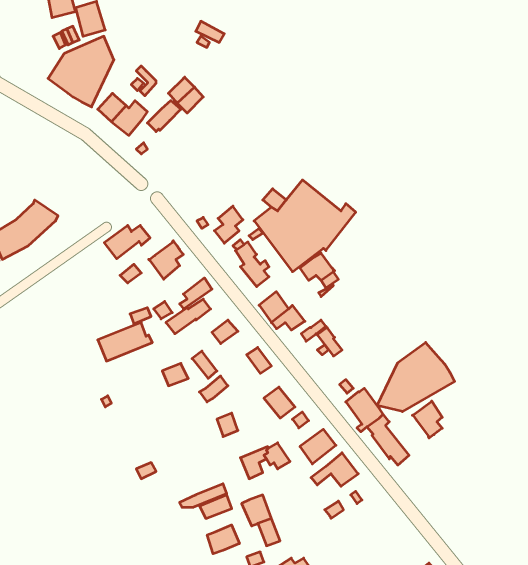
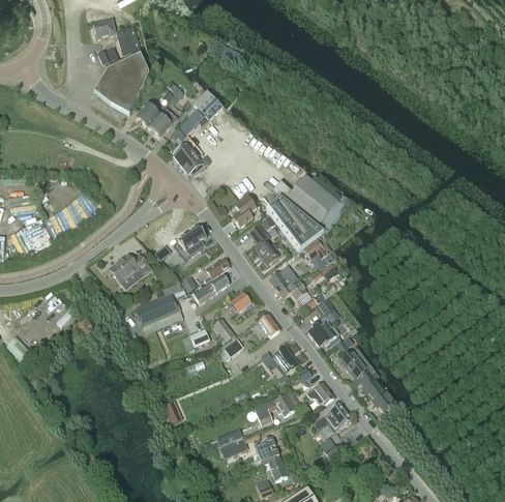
building: none -> [173,144,202,174]
building: [104,225,150,259] -> [109,255,147,283]
building: [377,342,455,412] -> none
building: none -> [307,322,336,347]
building: [412,401,442,438] -> none
building: [207,525,239,554] -> none

